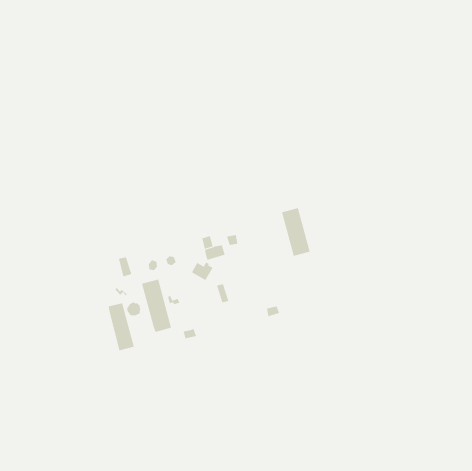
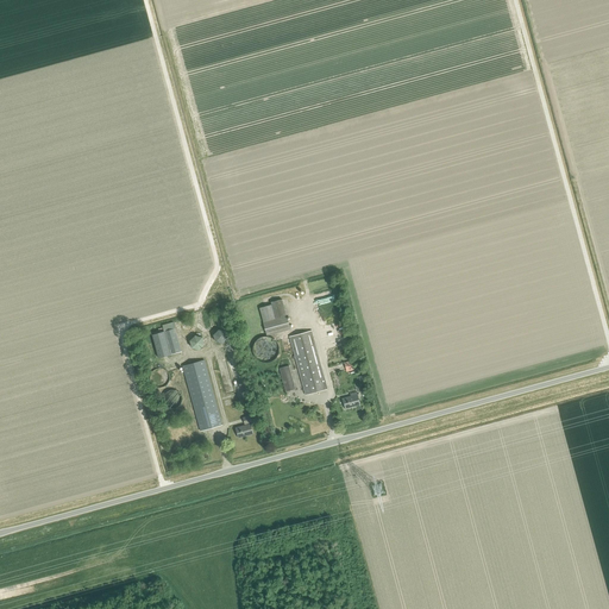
building: [281,207,311,256] -> [289,331,327,394]
building: [108,302,134,351] -> none

